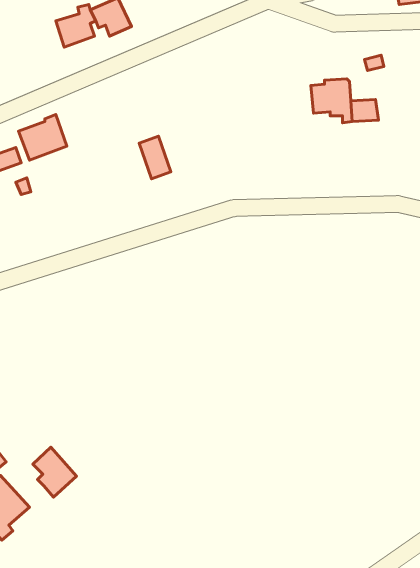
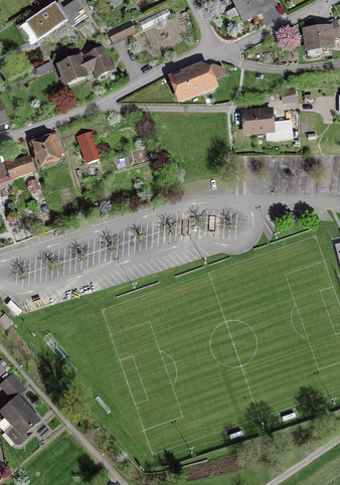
building: none -> [172,65,215,101]
building: [139,136,171,179] -> [77,130,101,161]
building: [33,447,76,497] -> none

